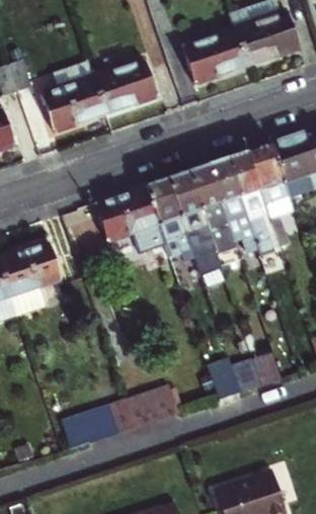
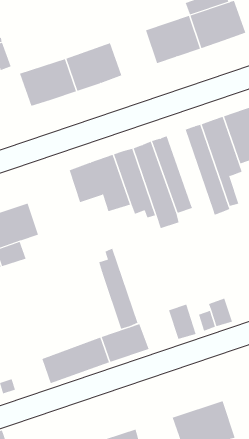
building: [209,158,260,254] -> none
building: none -> [98,248,138,330]

